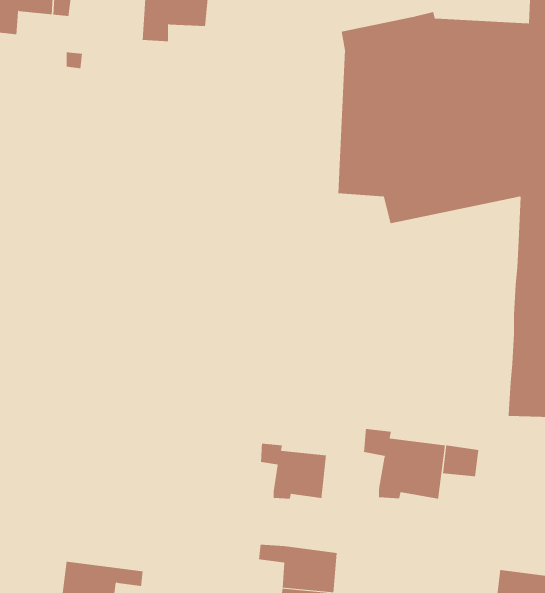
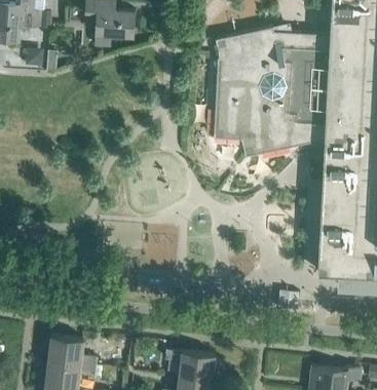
building: [364,428,446,499] -> none
building: [260,443,327,500] -> none
building: none -> [48,337,97,367]

